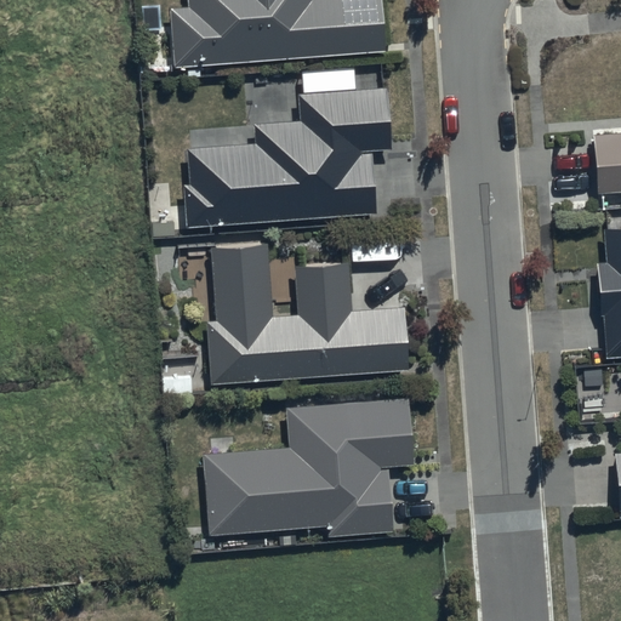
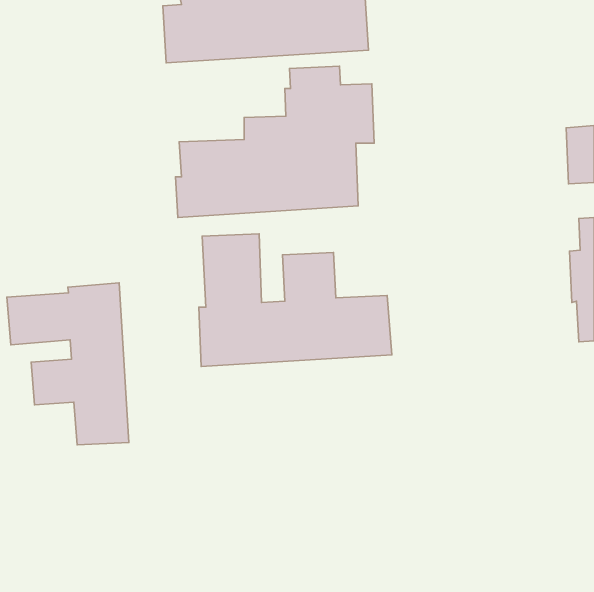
building: none -> [7,283,129,445]
building: [204,399,414,536] -> none

